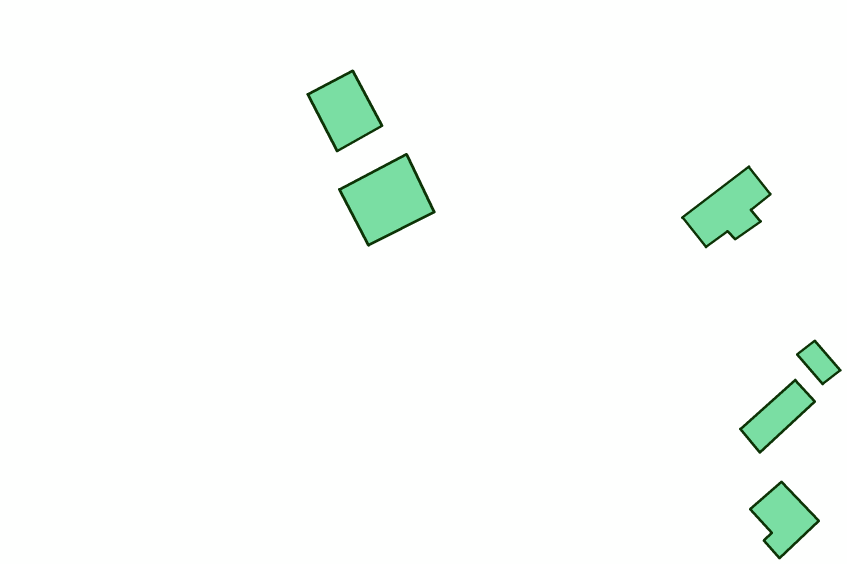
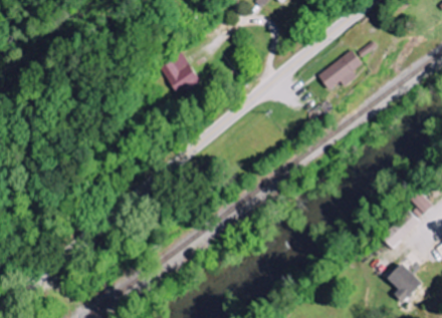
building: [339,154,434,245] -> none
building: [682,167,770,247] -> [318,48,364,89]

